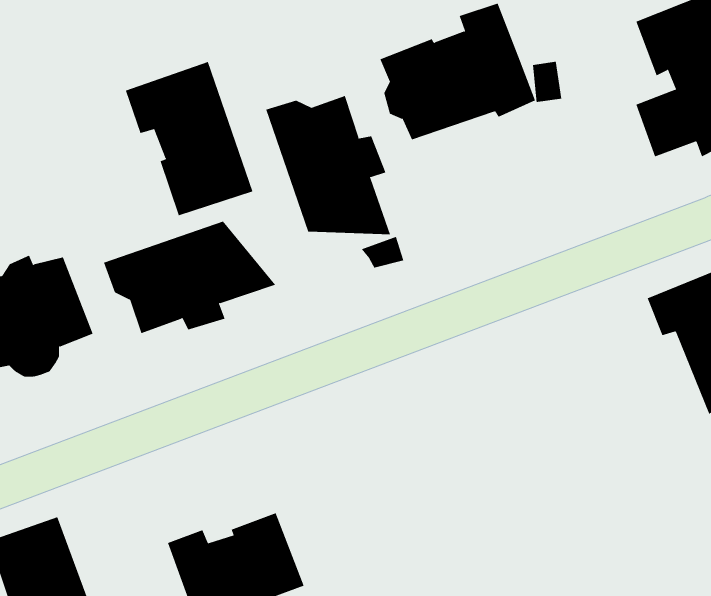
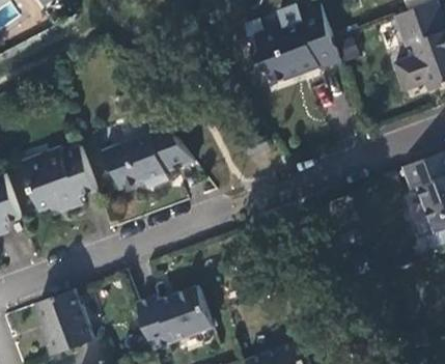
building: [125,61,253,216] -> none
building: [266,95,391,235] -> none

